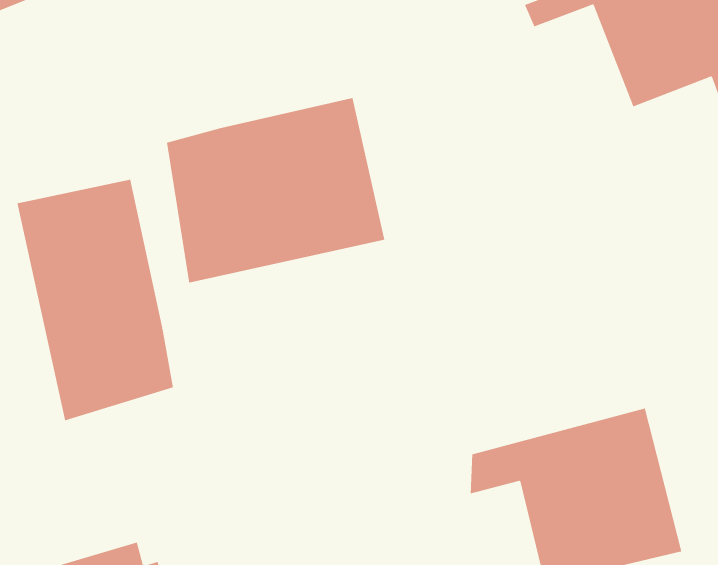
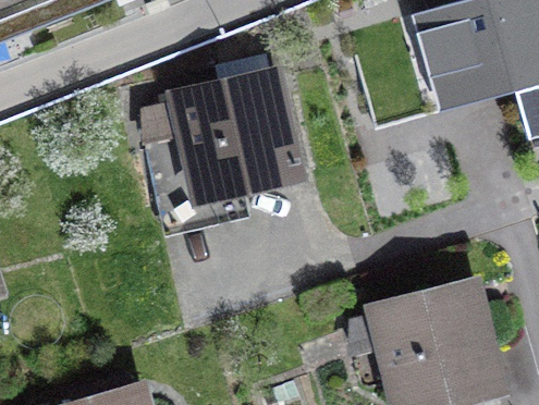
building: [17,179,174,421] -> none

